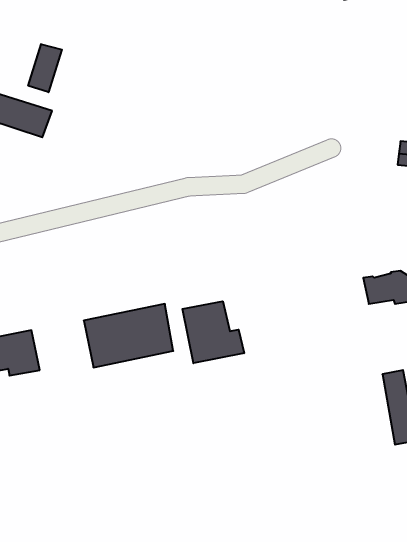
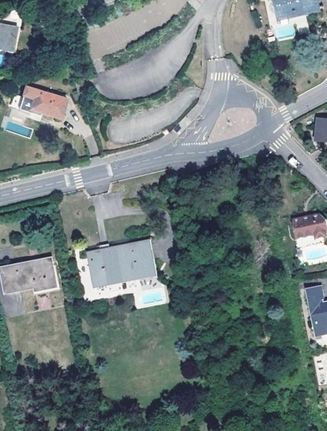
building: [28,44,62,92] -> none
building: [182,301,244,363] -> none

